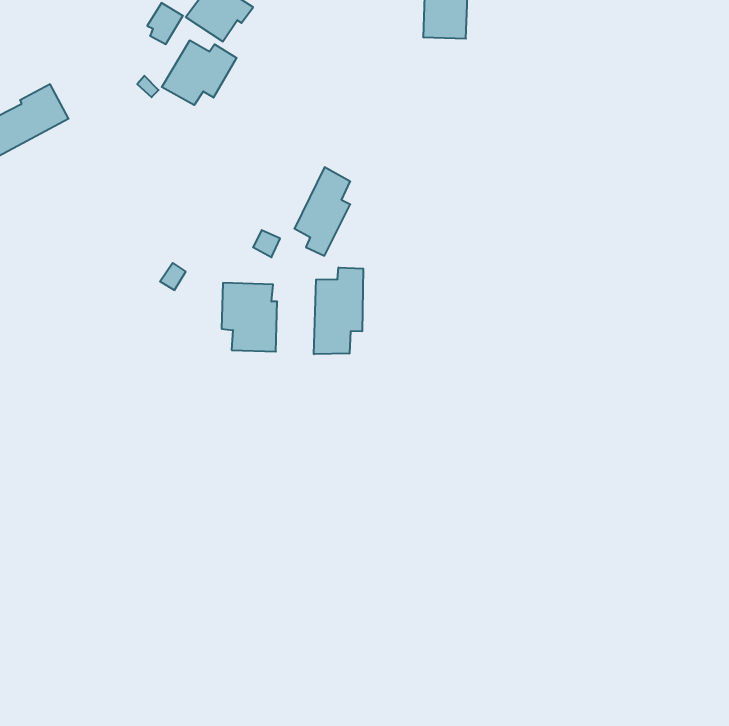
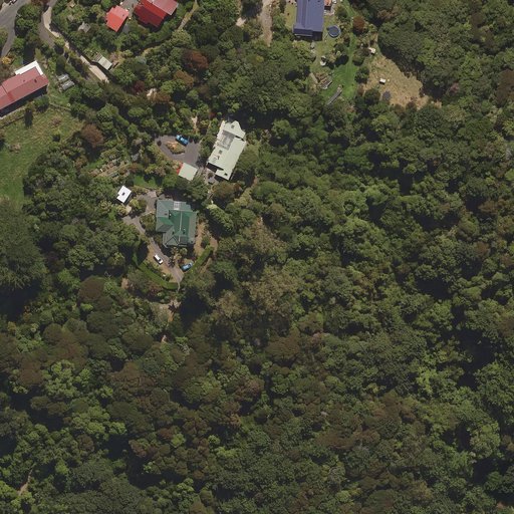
building: [162,40,237,105] -> none
building: [314,267,363,354] -> none

